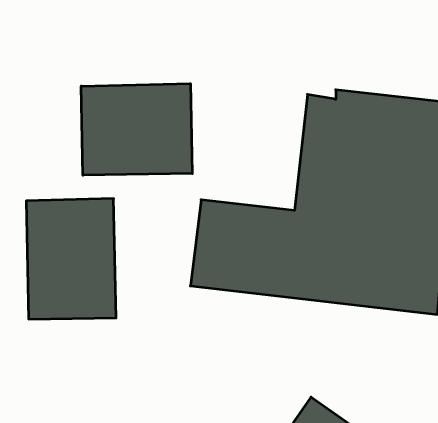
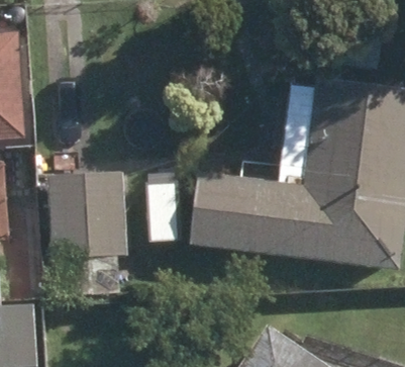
building: [81,84,192,175] -> none

